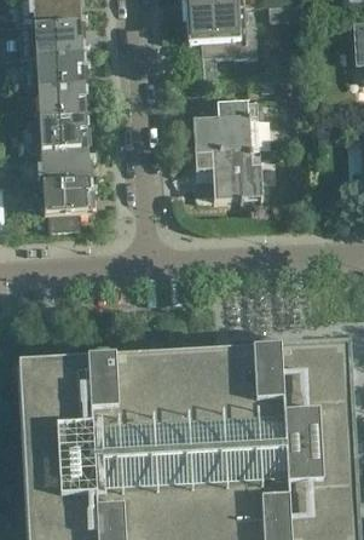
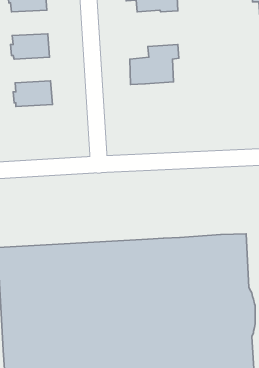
building: [31,53,82,87] -> none
building: [35,116,86,150] -> none
building: [192,148,261,200] -> none
building: [37,179,89,216] -> none

